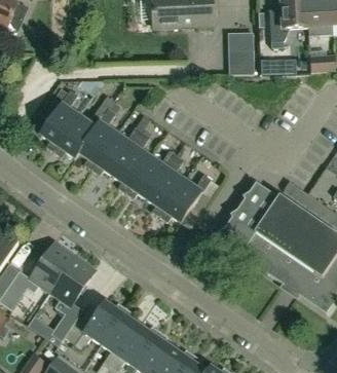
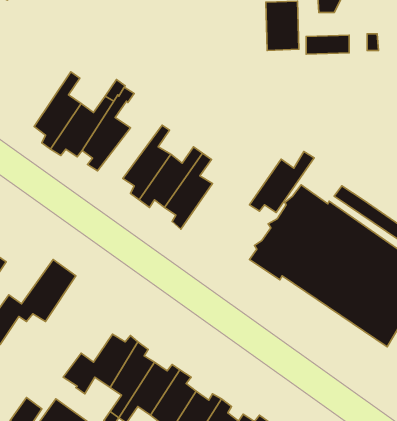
building: [91,126,144,175] -> none
building: [159,173,212,222] -> [249,152,314,212]
building: [49,254,96,340] -> none

